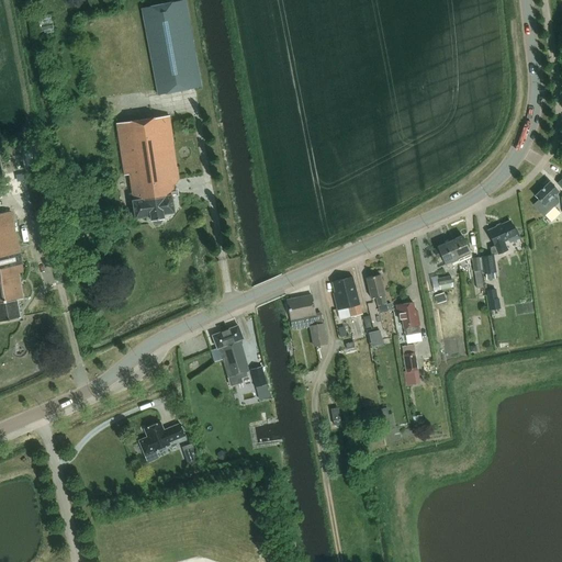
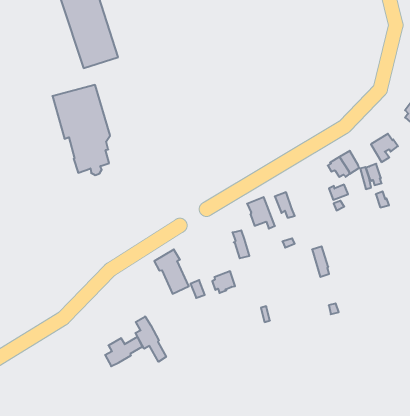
building: [288,295,314,319] -> [212,271,235,293]
building: [396,302,422,336] -> none
building: none -> [135,316,166,362]

